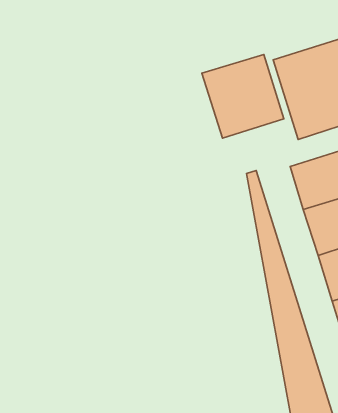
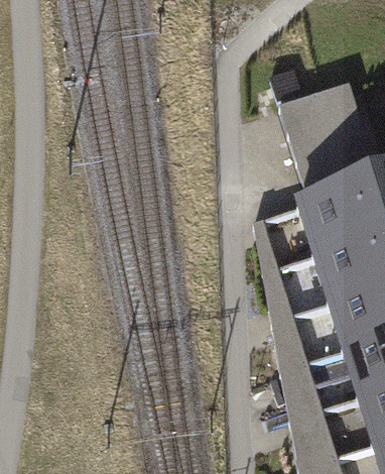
building: [202,54,284,138] -> none

